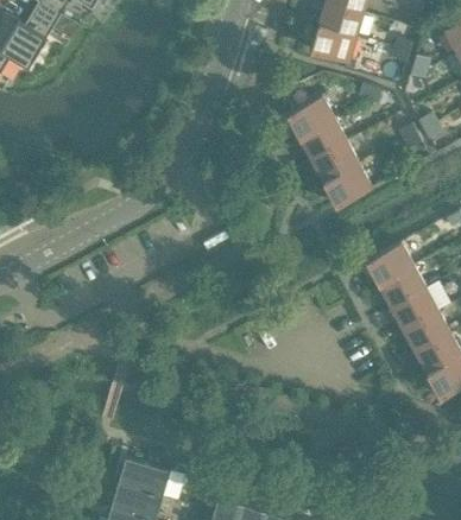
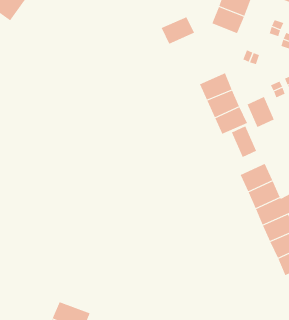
building: [286,97,335,139] -> [161,16,195,45]
building: none -> [247,96,275,128]
building: none -> [231,126,257,158]

